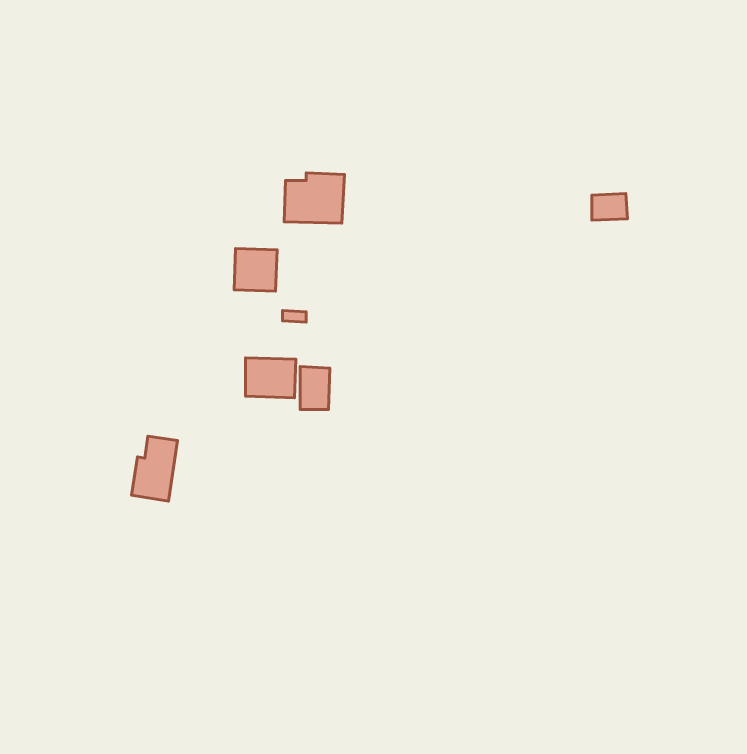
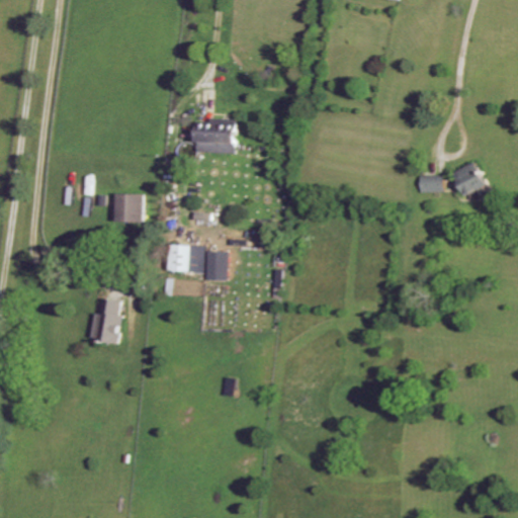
building: [592,194,627,220] -> [420,175,444,193]
building: none -> [453,162,486,196]
building: [234,248,277,291] -> [113,193,143,223]

